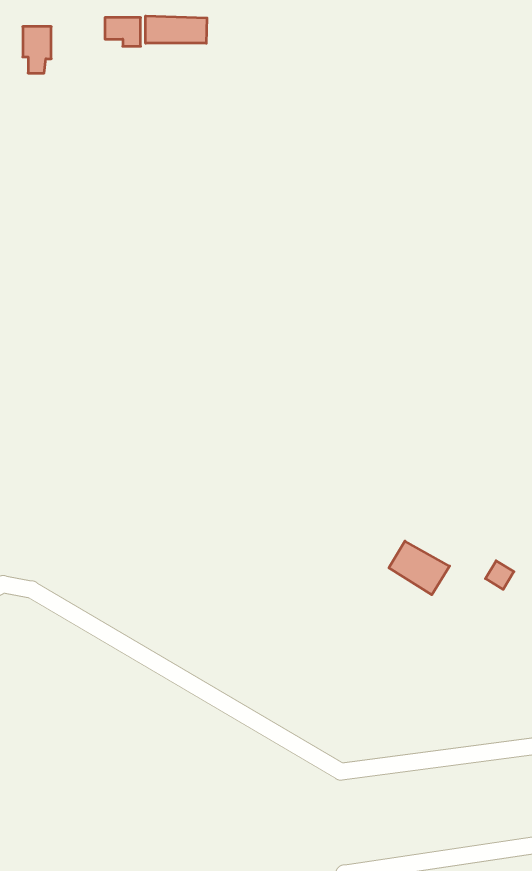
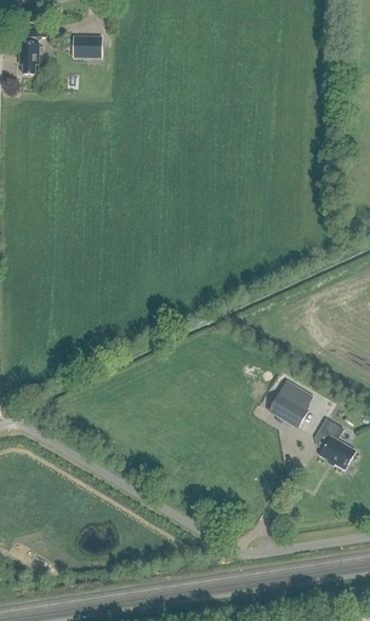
building: [146,16,207,43] -> none
building: none -> [319,417,355,467]

